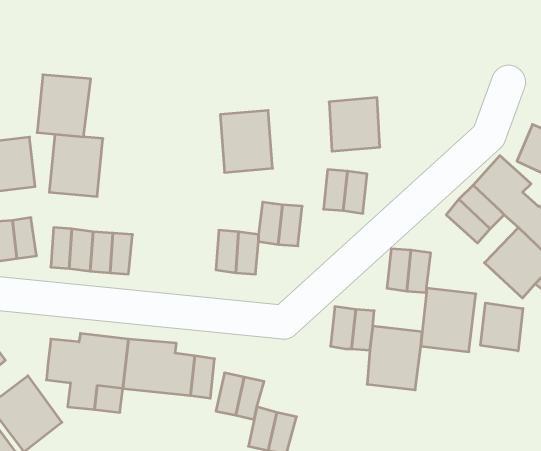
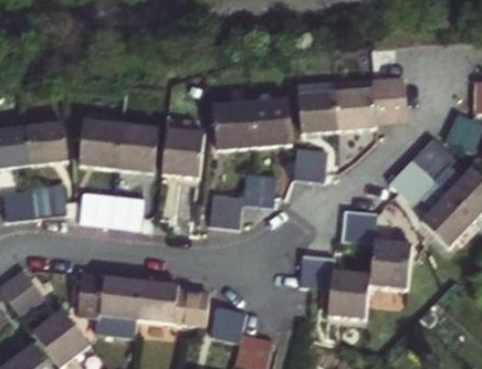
building: [37,75,91,137] -> [116,123,158,171]
building: none -> [335,77,407,129]
building: none -> [250,98,291,146]
building: none -> [161,127,203,177]
building: [481,303,523,351] -> none

